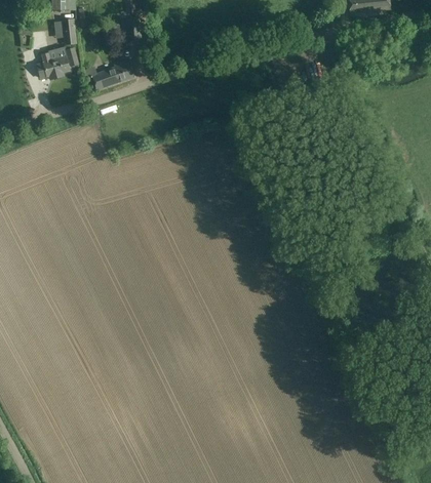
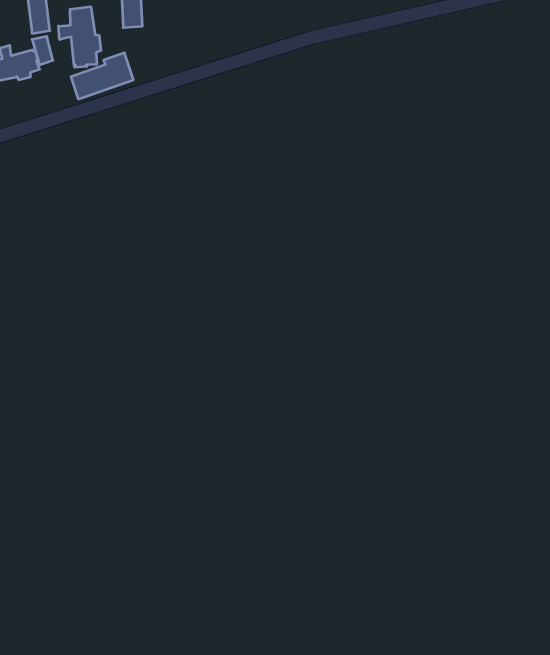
building: none -> [58,7,101,67]

